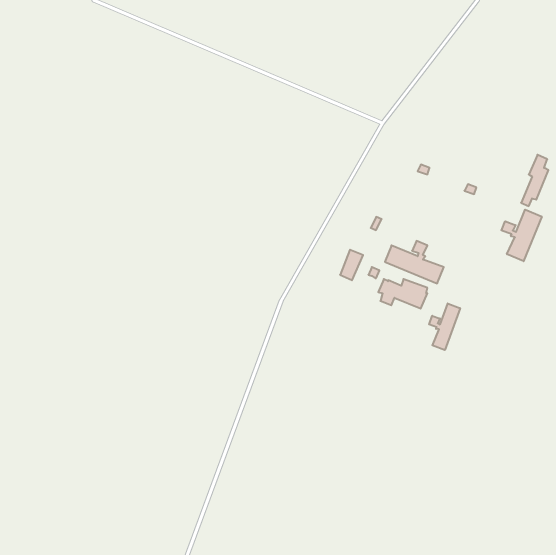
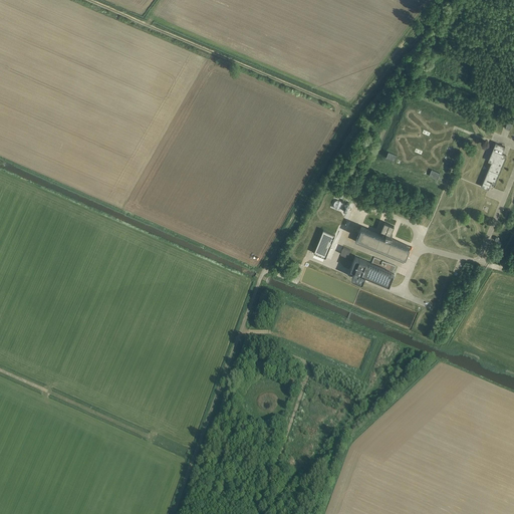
building: [501,210,542,261] -> none
building: [429,303,460,350] -> none

